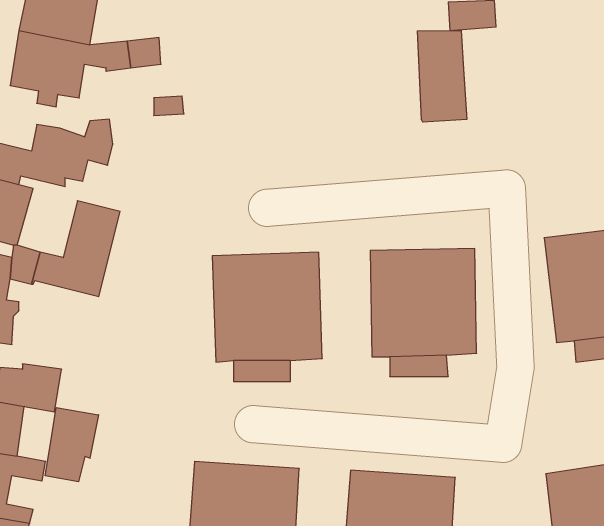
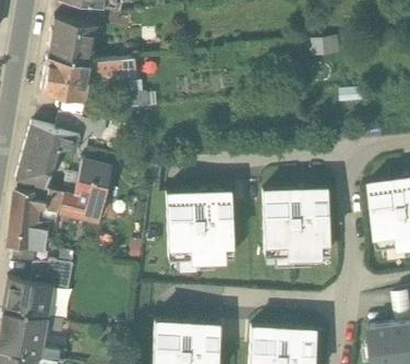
building: [417,30,467,122] -> none
building: [45,408,99,482] -> none

